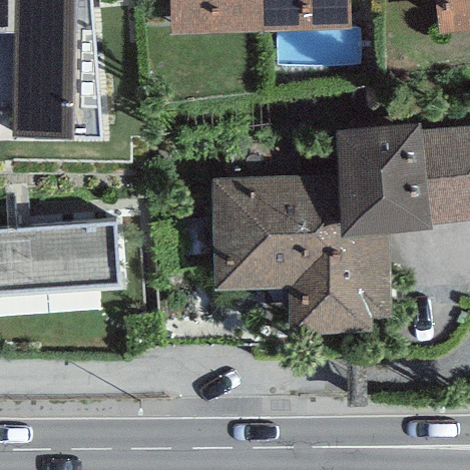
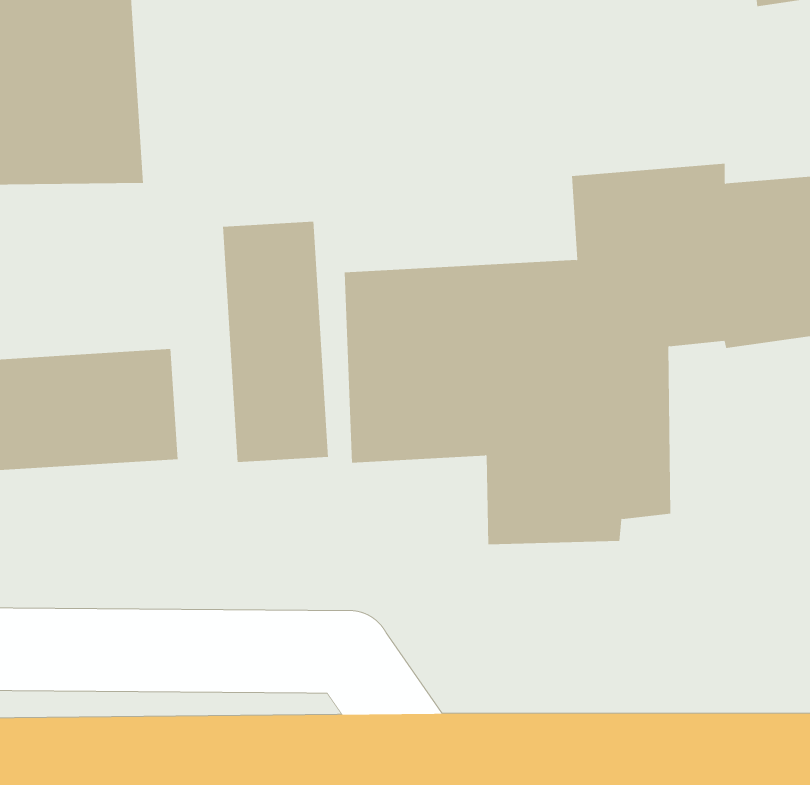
building: none -> [222,221,329,463]

